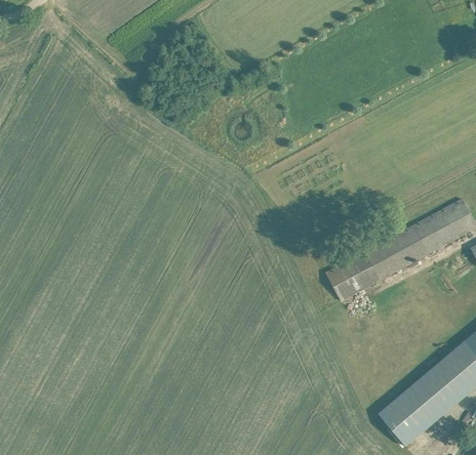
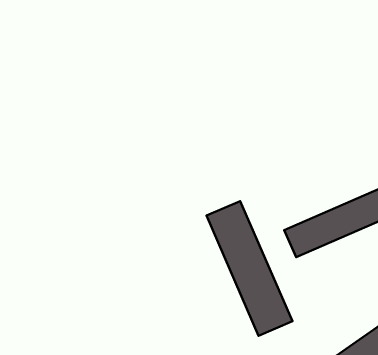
building: none -> [206,201,293,336]

